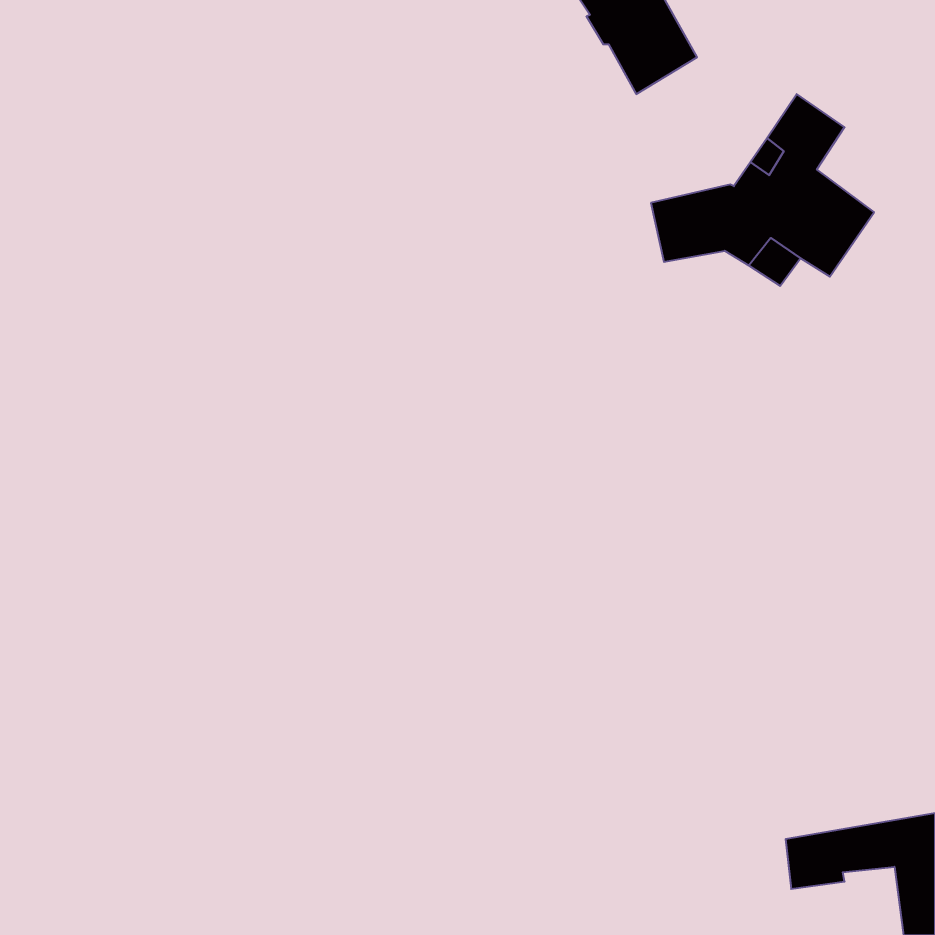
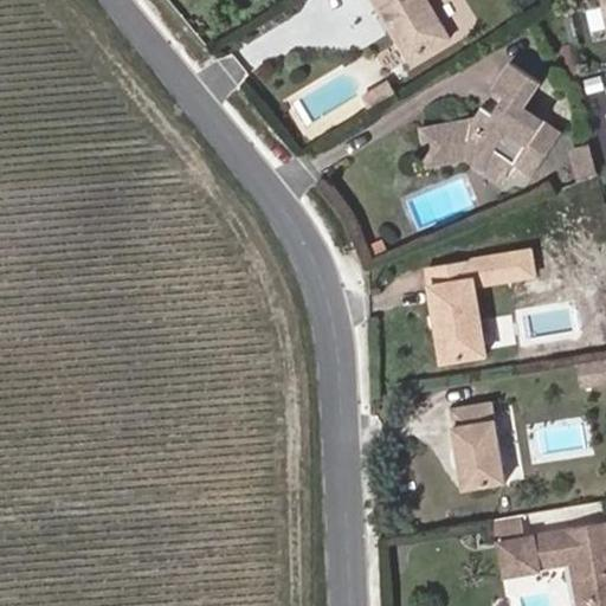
building: none -> [425,251,530,362]
building: none -> [453,399,512,488]

